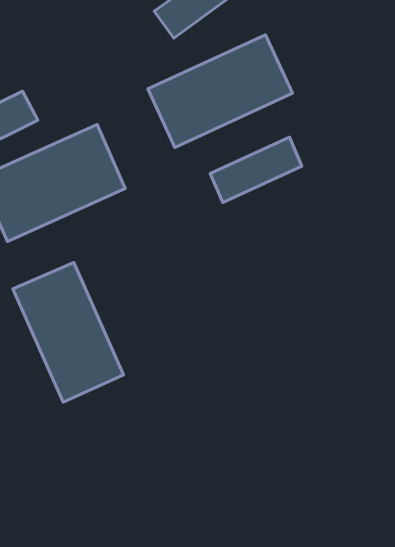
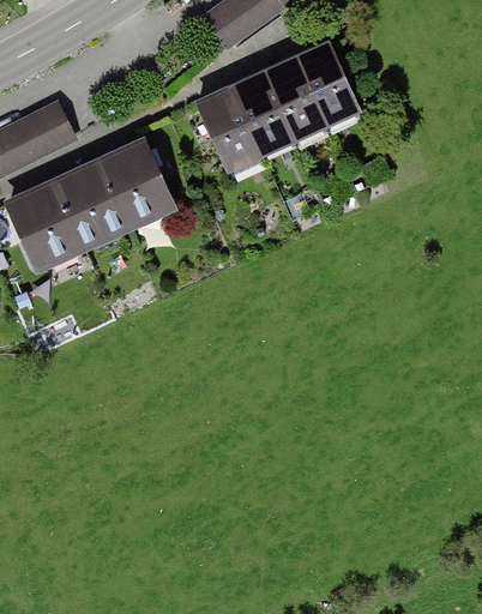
building: [210,137,302,203] -> none
building: [13,262,123,402] -> none

